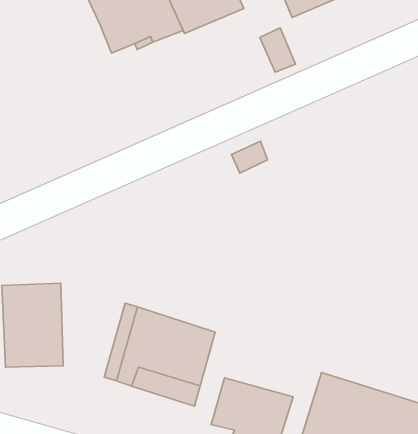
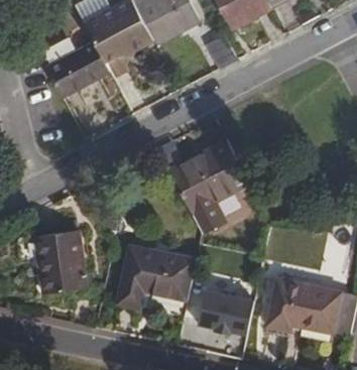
building: none -> [48,42,111,98]
building: none -> [169,148,236,234]

